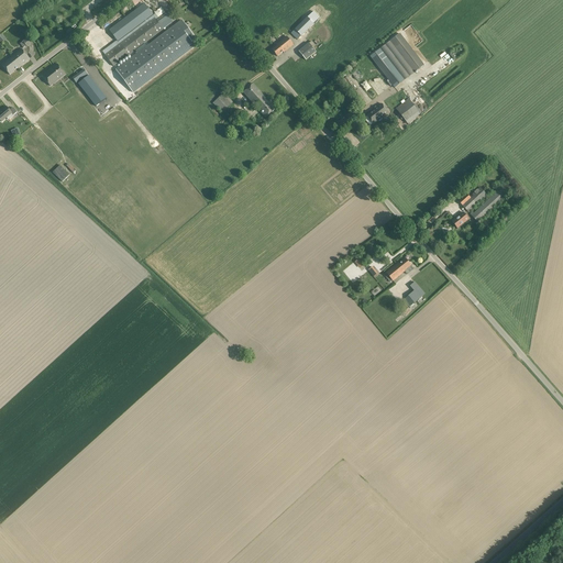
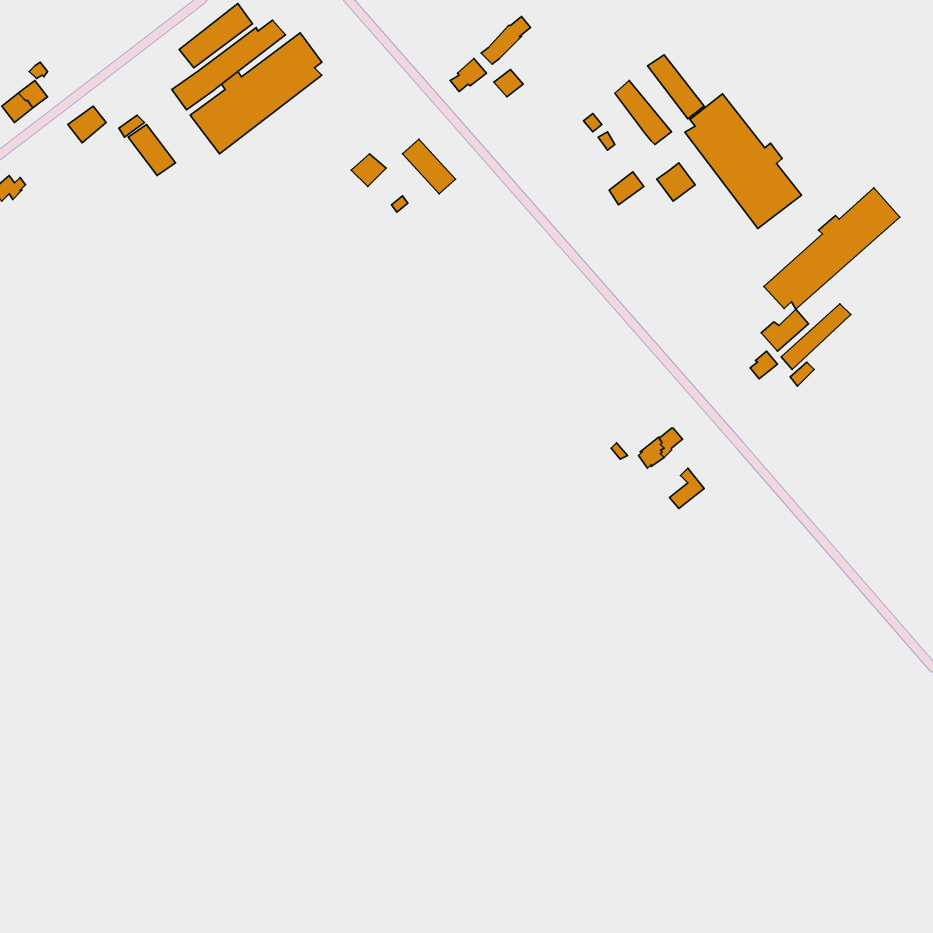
building: none -> [685,94,802,228]
building: none -> [764,188,900,309]

